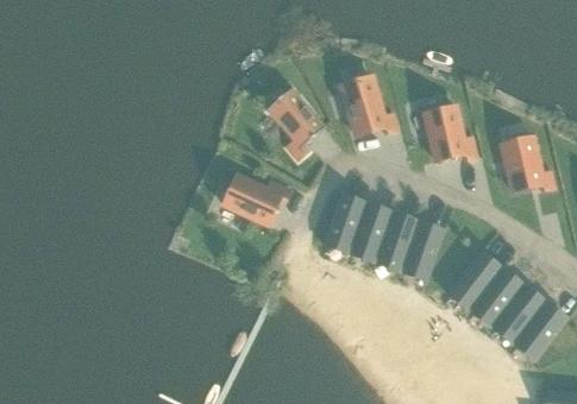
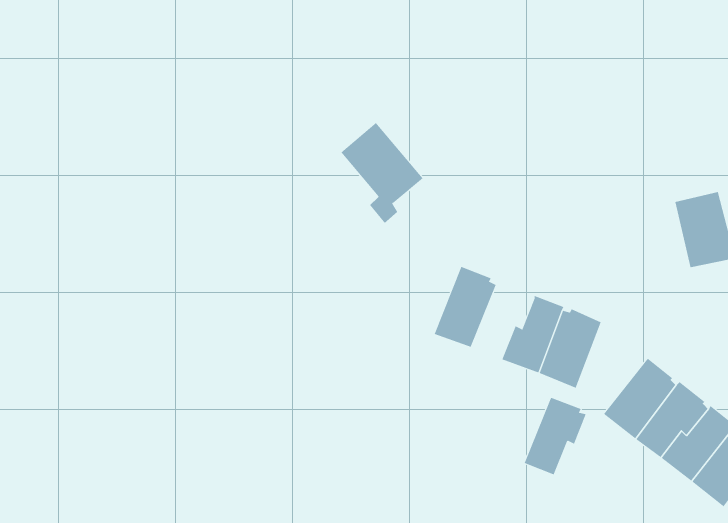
building: [340,77,396,137] -> none
building: [424,107,476,162] -> none
building: [224,176,290,226] -> none
building: [358,201,402,255] -> [524,397,587,475]

